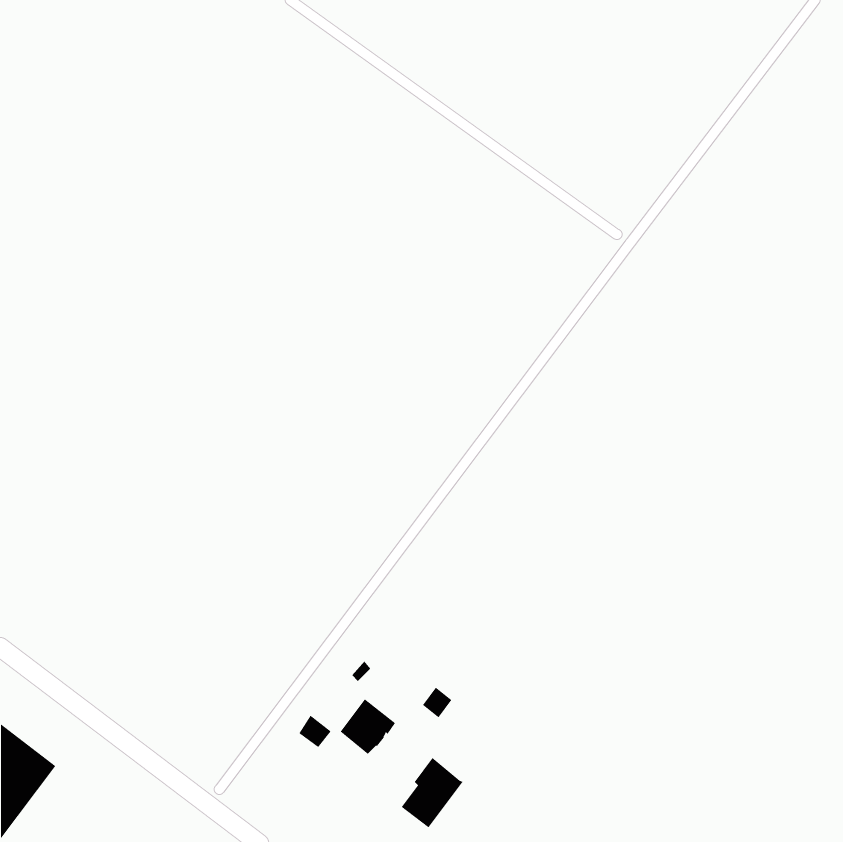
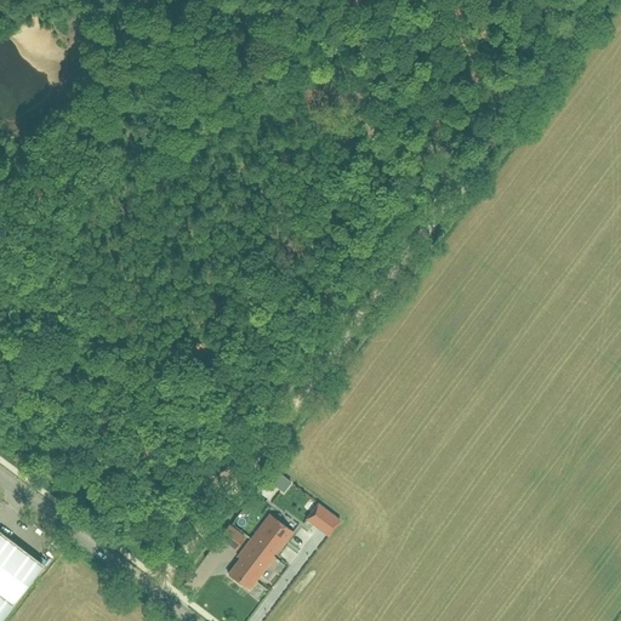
building: [401,757,463,828] -> [227,539,273,591]

